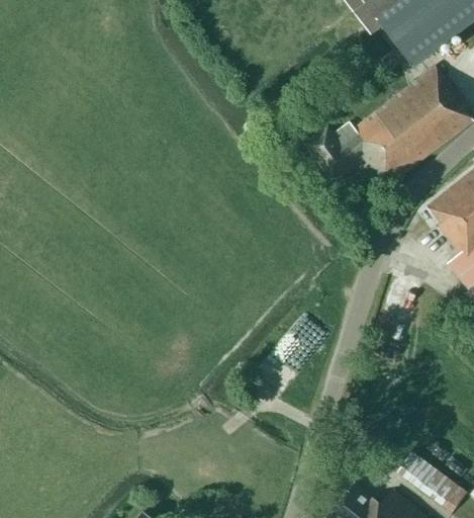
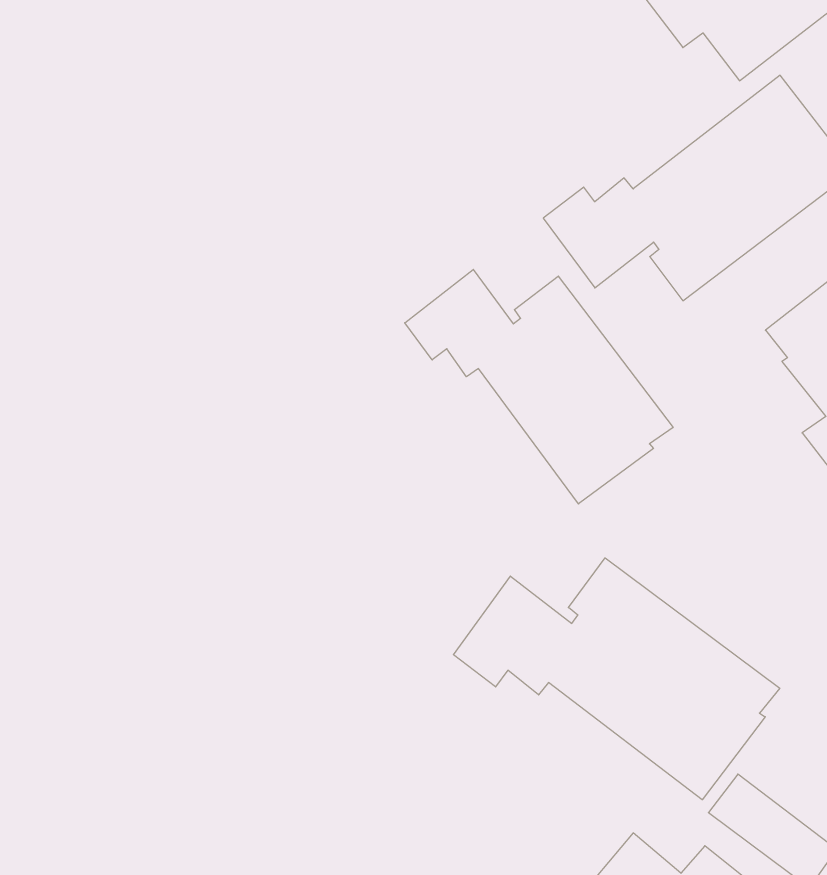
building: none -> [405,269,673,504]
building: none -> [453,558,780,800]

